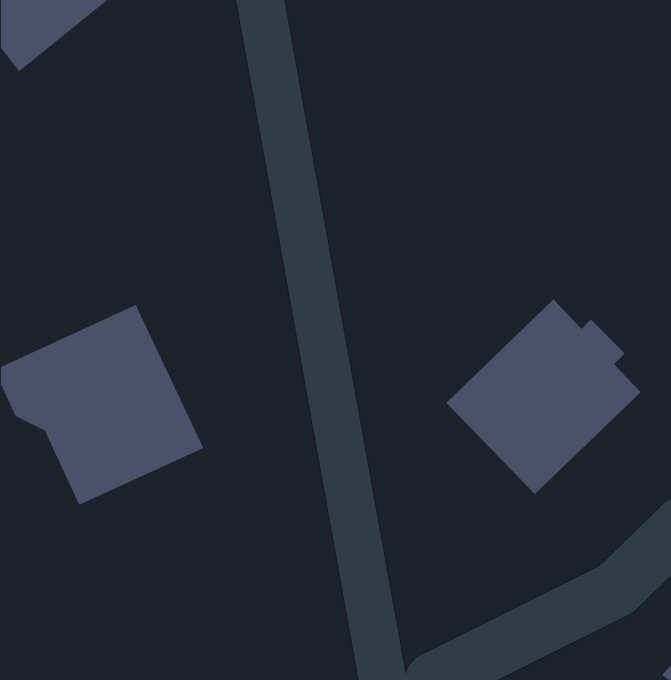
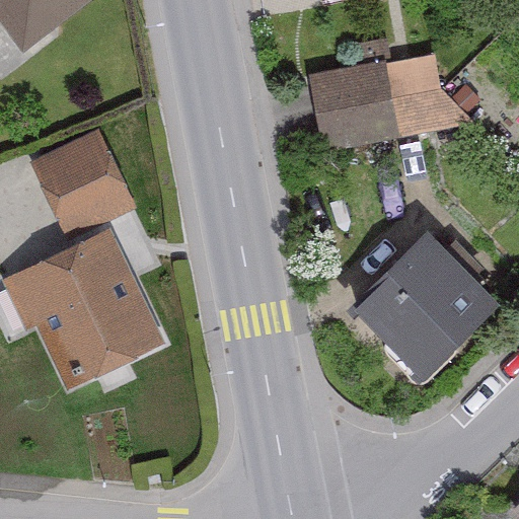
building: none -> [308,55,450,153]
building: none -> [34,134,133,234]

